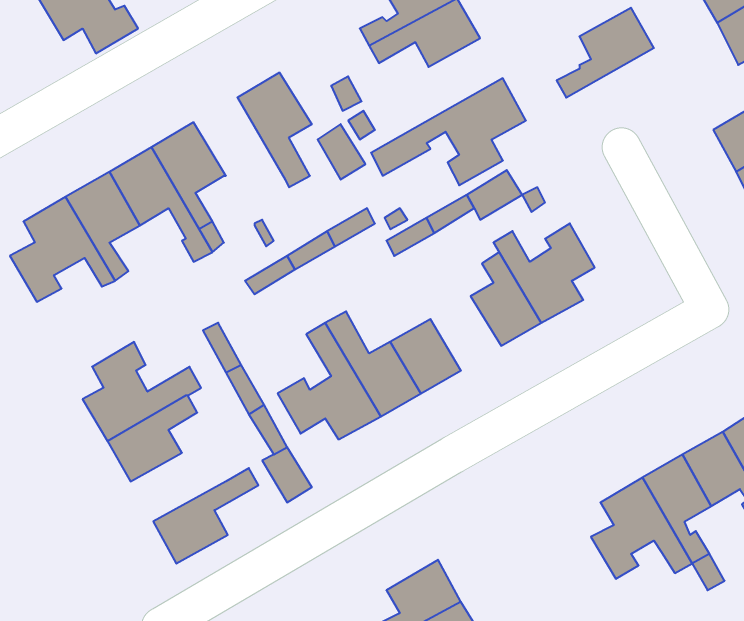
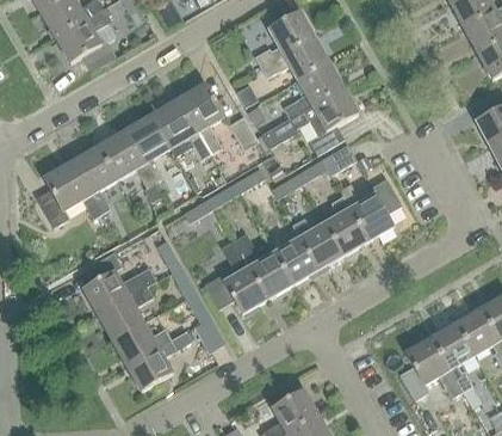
building: [557,8,654,98] -> [283,62,343,118]
building: none -> [150,99,210,161]
building: none -> [291,217,342,270]
building: none -> [111,321,171,364]

